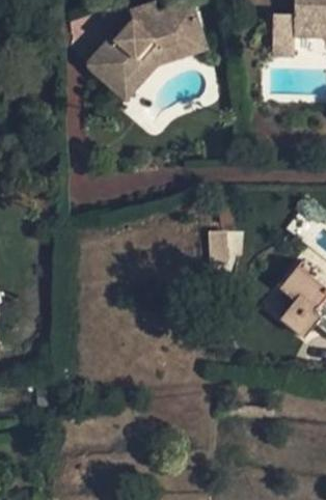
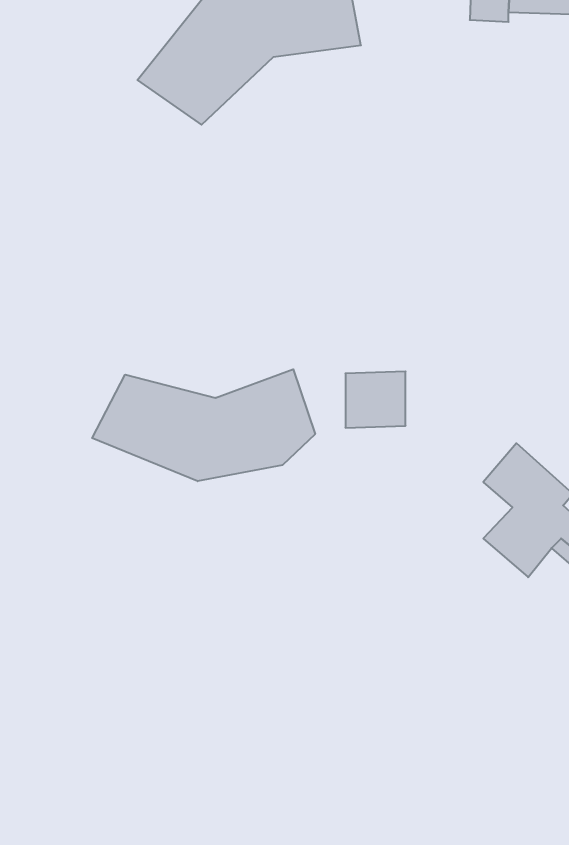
building: none -> [92,369,315,481]

